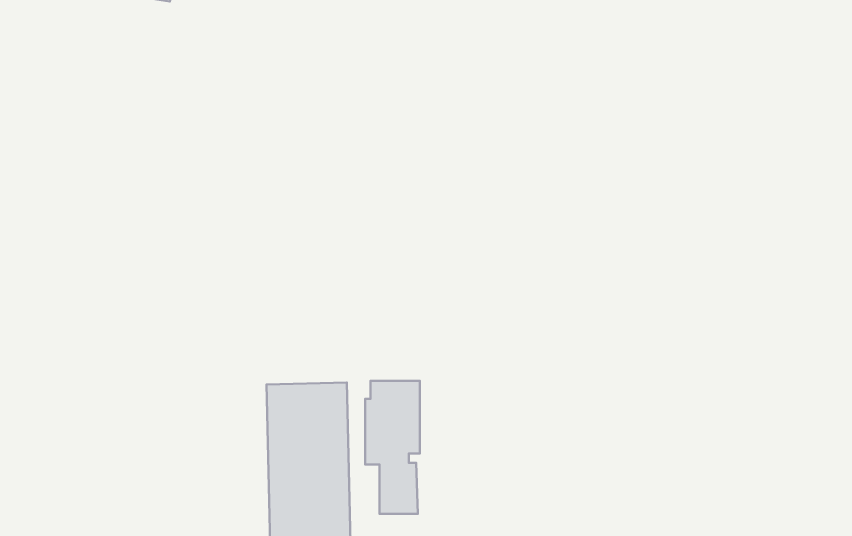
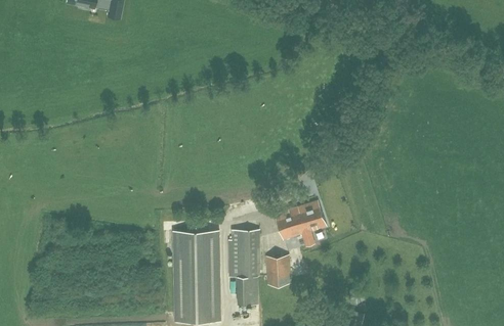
building: none -> [275,200,326,246]
building: none -> [264,254,290,284]

